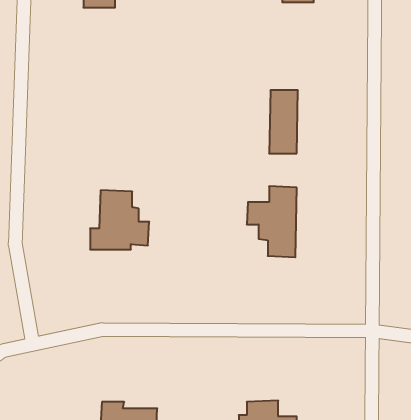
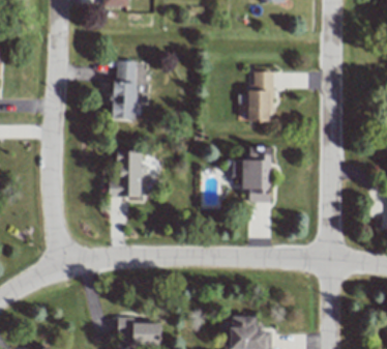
building: none -> [114,61,138,119]

